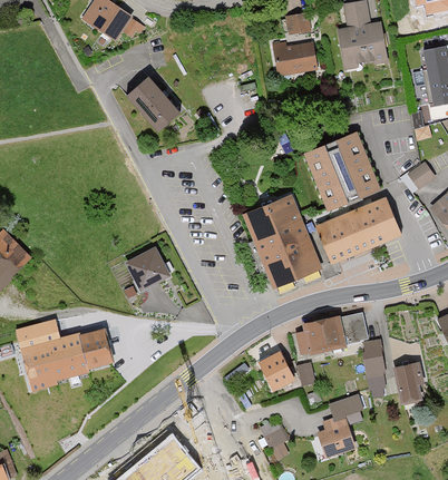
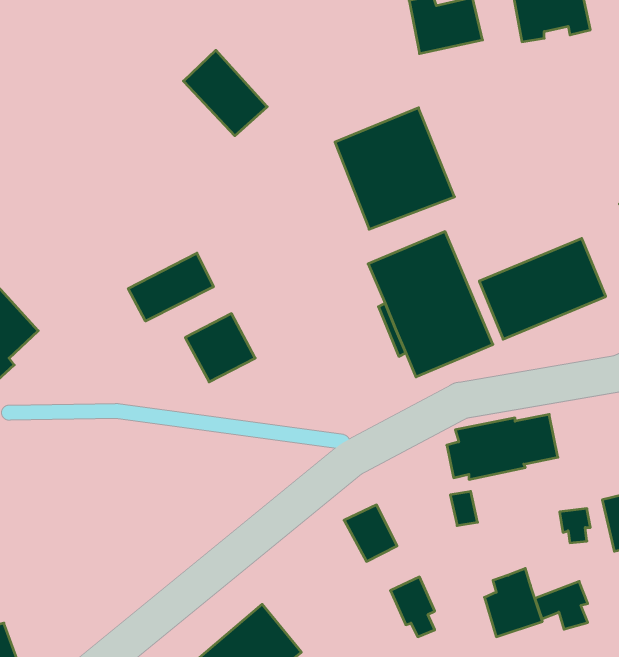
building: [305,133,383,212] -> [335,108,455,229]
building: none -> [128,253,213,321]
building: [14,321,111,390] -> none
building: [362,340,386,375] -> none
building: [256,352,291,389] -> [344,505,397,561]
building: [330,393,364,424] -> [535,581,588,629]

